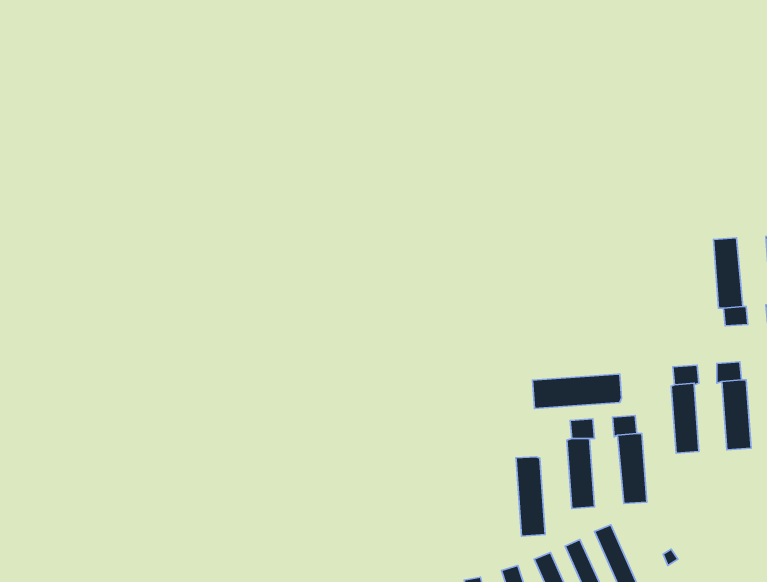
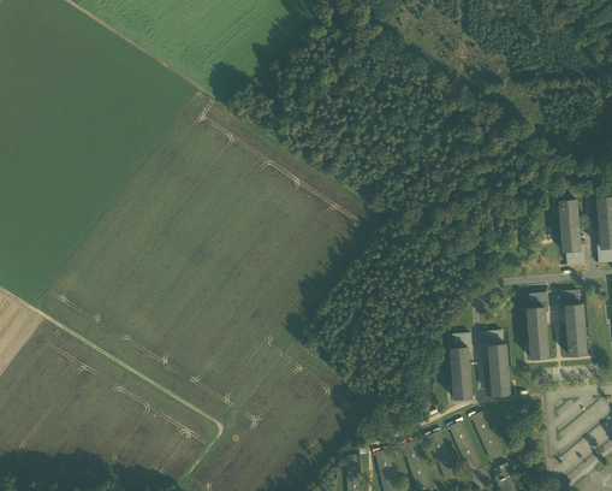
building: [533,374,621,408] -> none
building: [516,457,545,536] -> none

